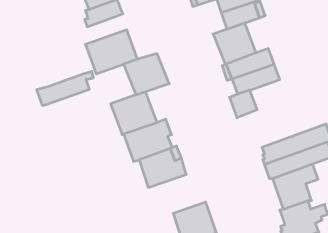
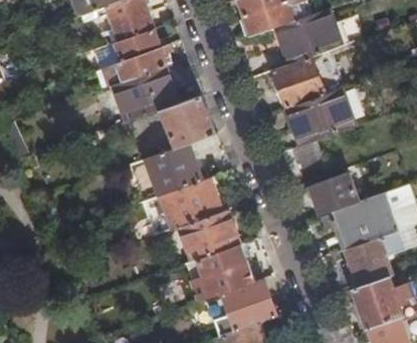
building: [37,71,93,105] -> [101,43,172,85]
building: none -> [310,172,370,216]
building: none -> [192,245,254,301]

